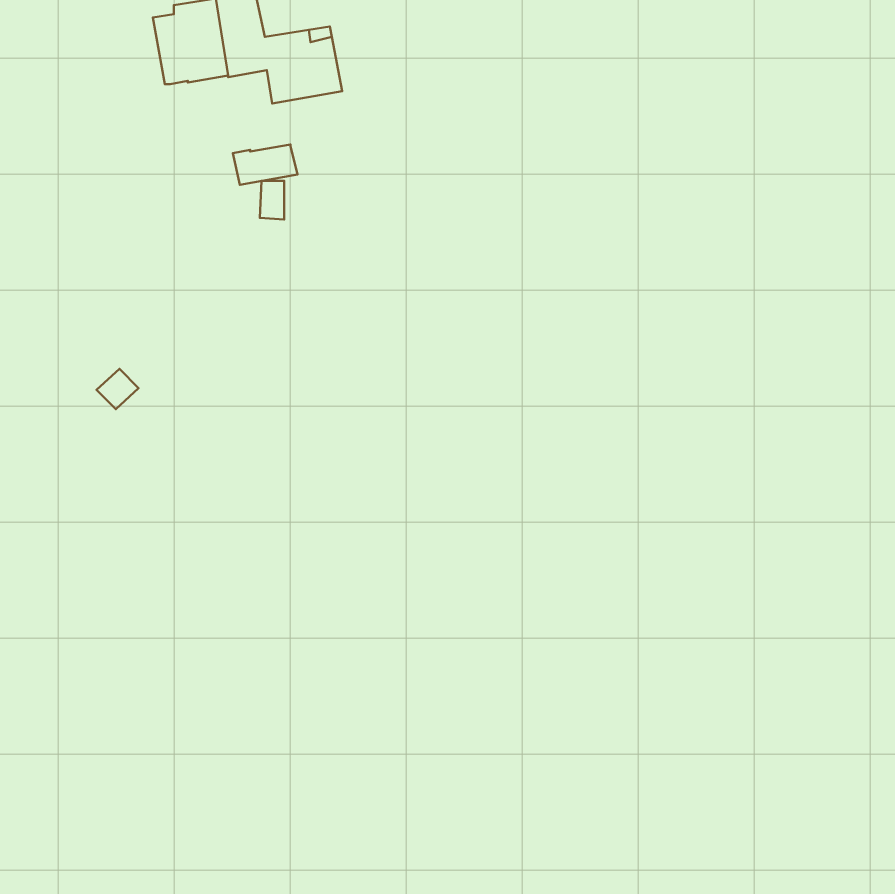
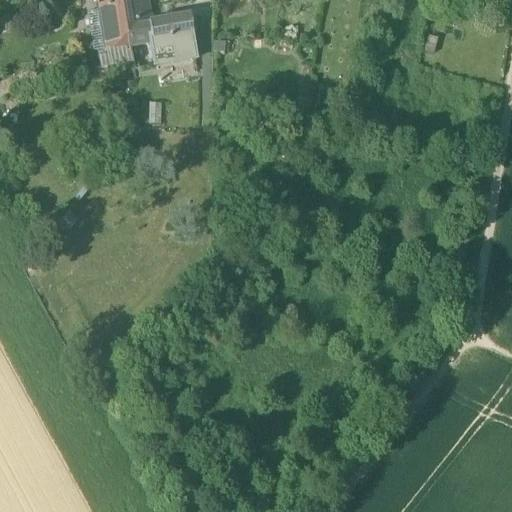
building: [233,144,298,185] -> [98,43,135,66]

